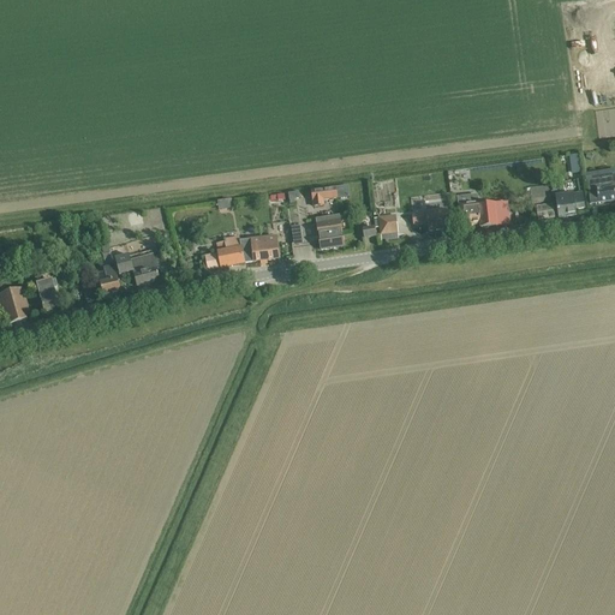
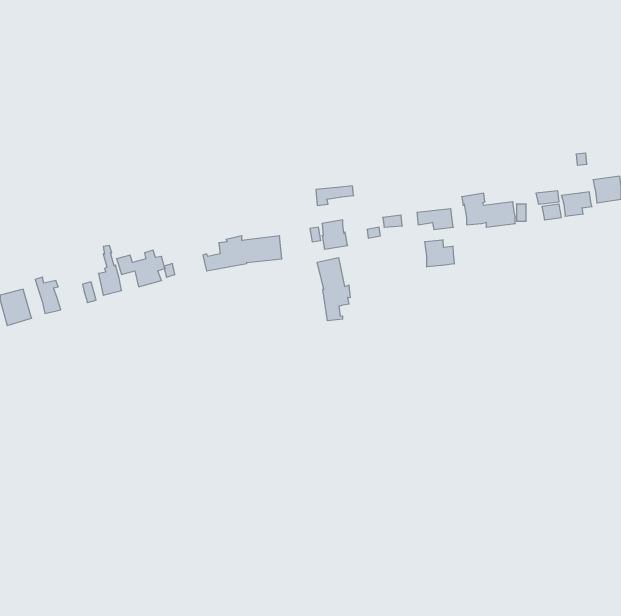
building: none -> [425,240,454,267]
building: none -> [317,258,350,321]

